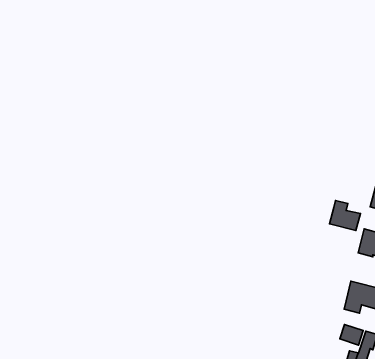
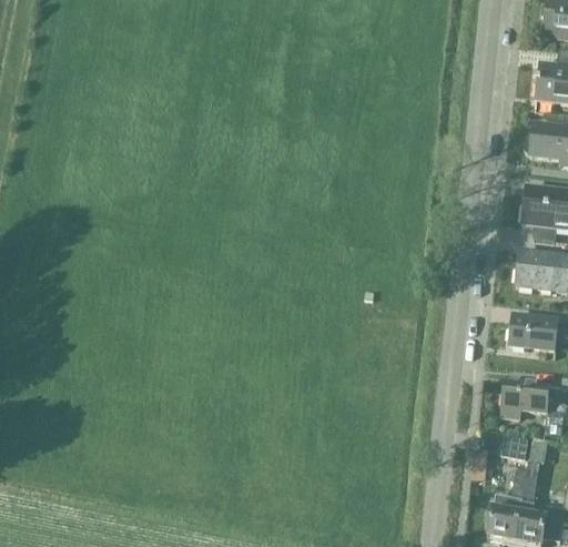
building: [330,200,361,230] -> none

